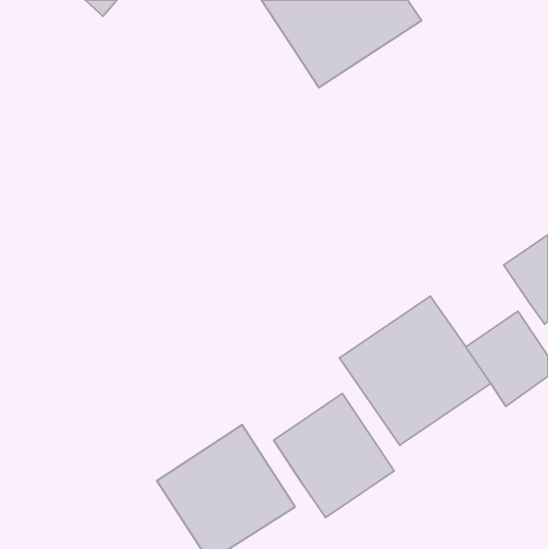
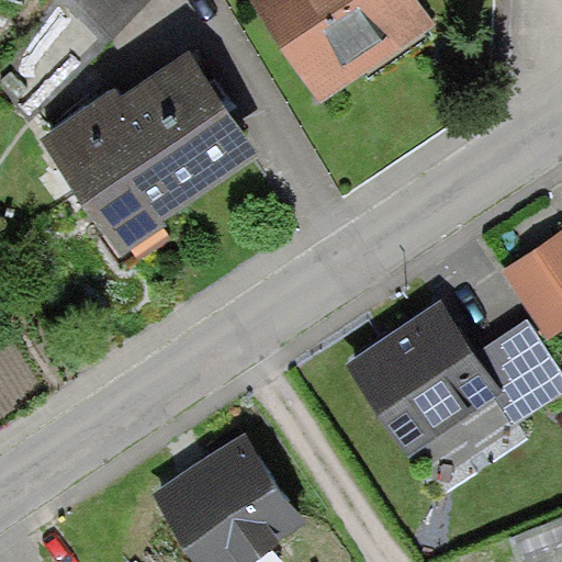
building: none -> [49,66,248,239]
building: [274,394,394,518] -> none

